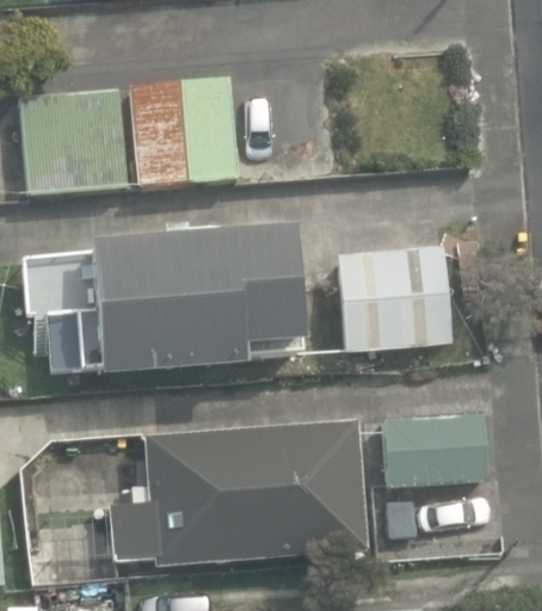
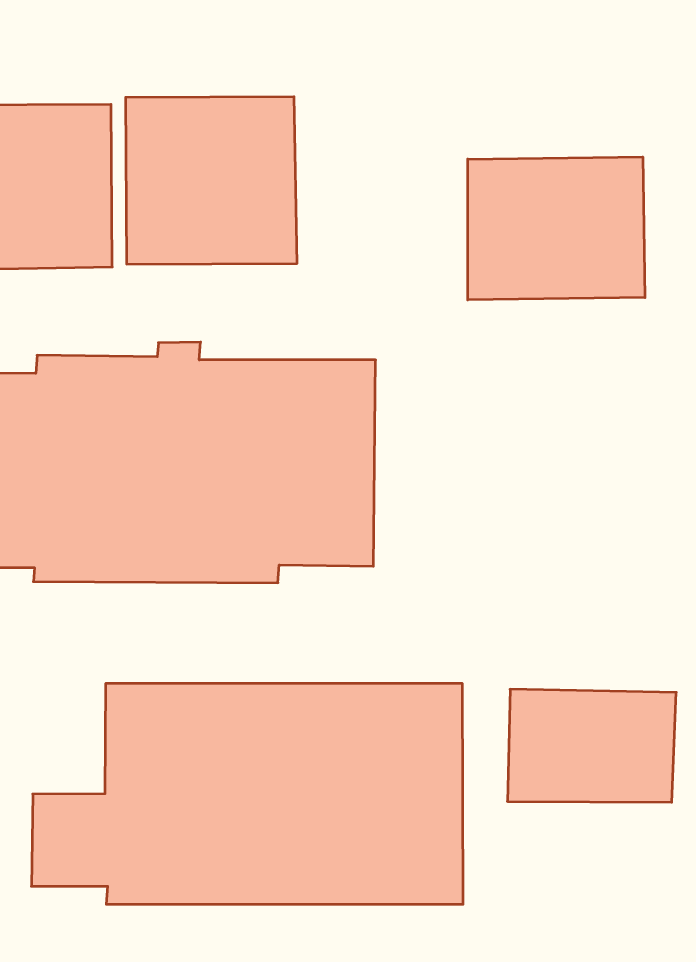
building: none -> [468,157,645,300]
building: [339,243,451,353] -> none

